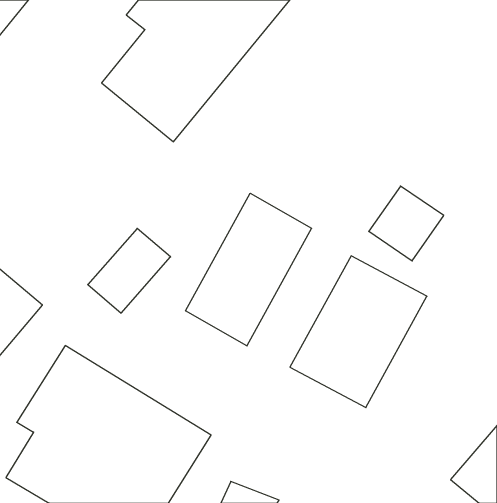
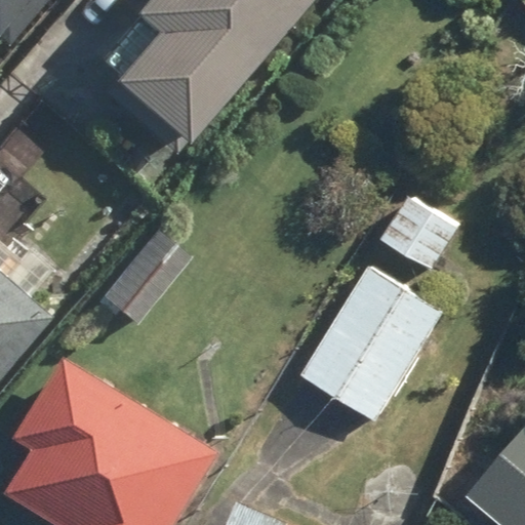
building: [186,193,312,346] -> none

